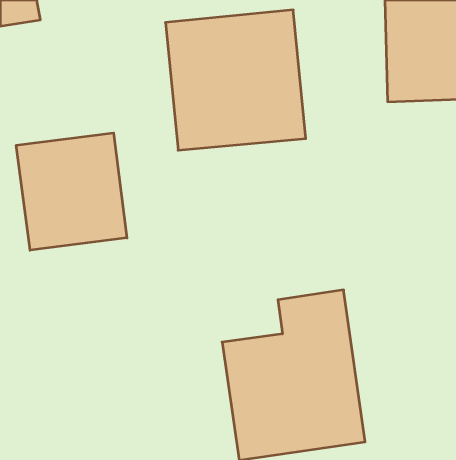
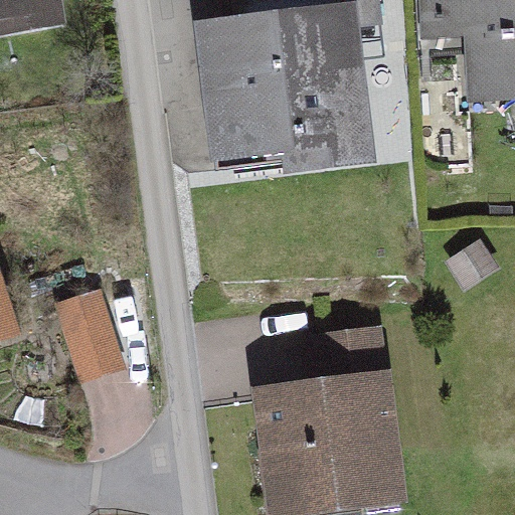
building: [16,133,127,250] -> none
building: none -> [67,293,128,386]

